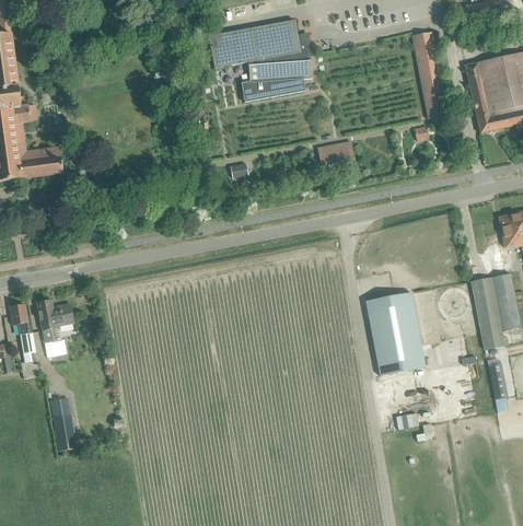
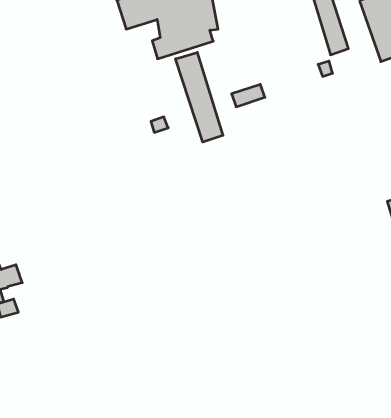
building: none -> [176,52,223,142]
building: [364,291,426,375] -> none
building: [53,413,77,451] -> none

